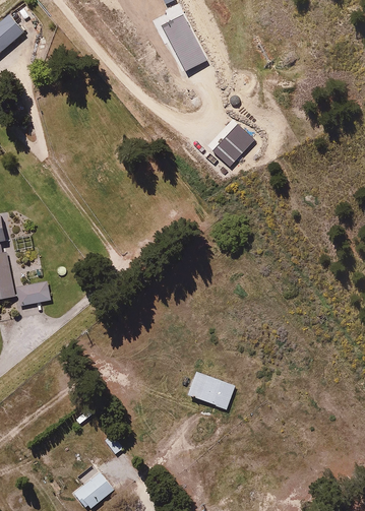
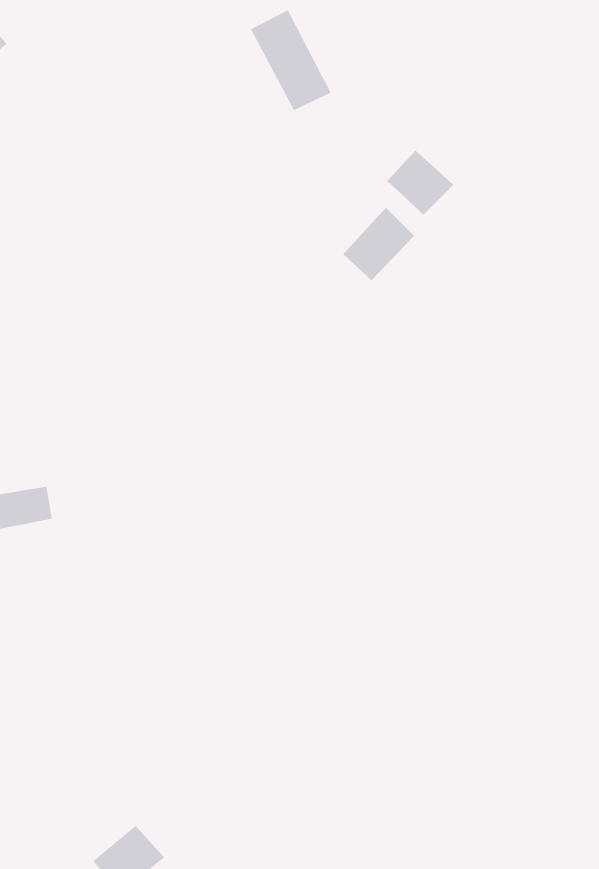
building: none -> [387,150,454,216]
building: [187,371,237,406] -> none

